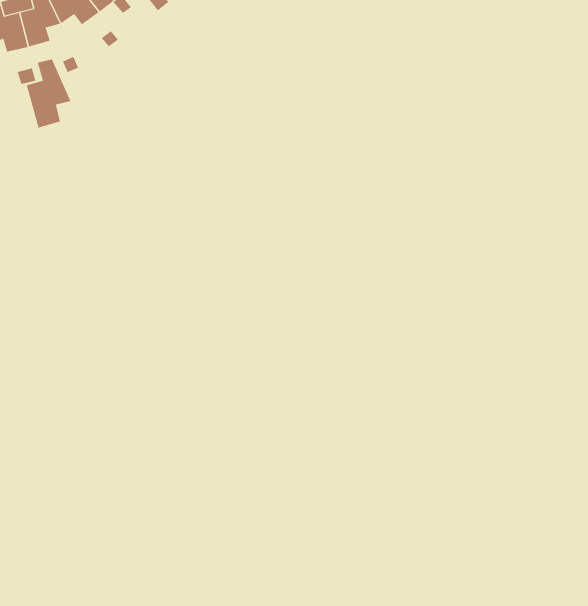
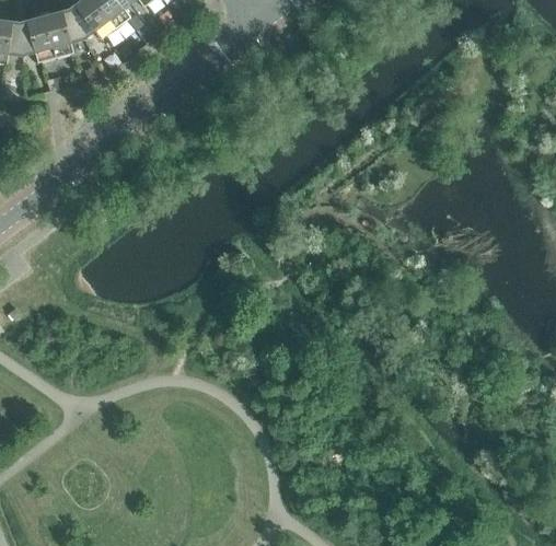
building: [26,58,71,129] -> none

